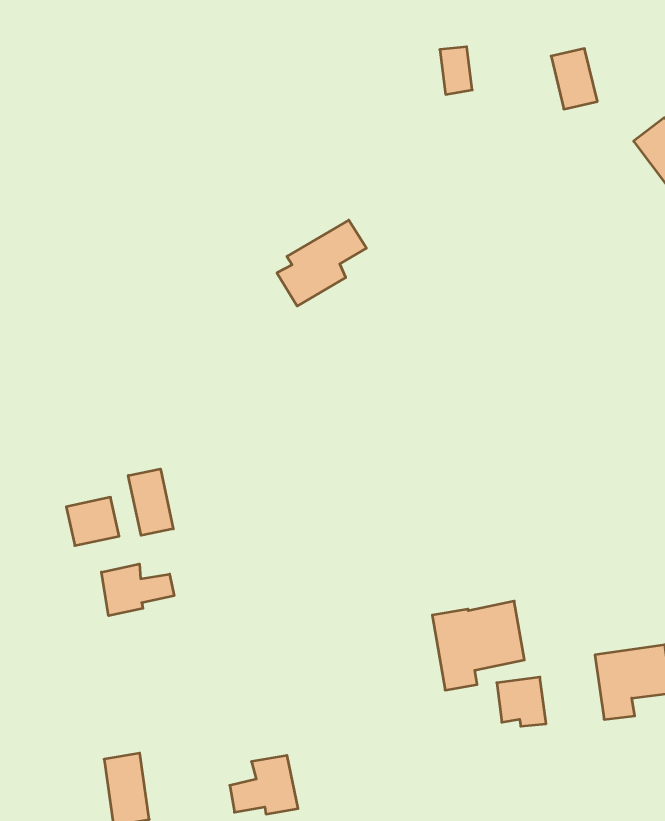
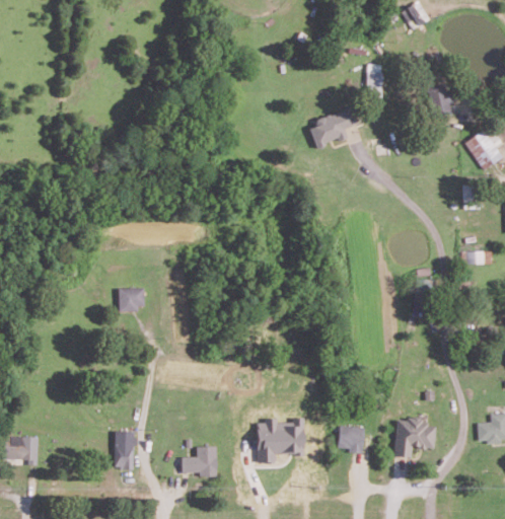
building: [277,220,366,306] -> [308,105,360,148]
building: [128,469,173,535] -> none
building: [101,564,174,616] -> none
building: [432,601,524,690] -> [257,420,303,462]

